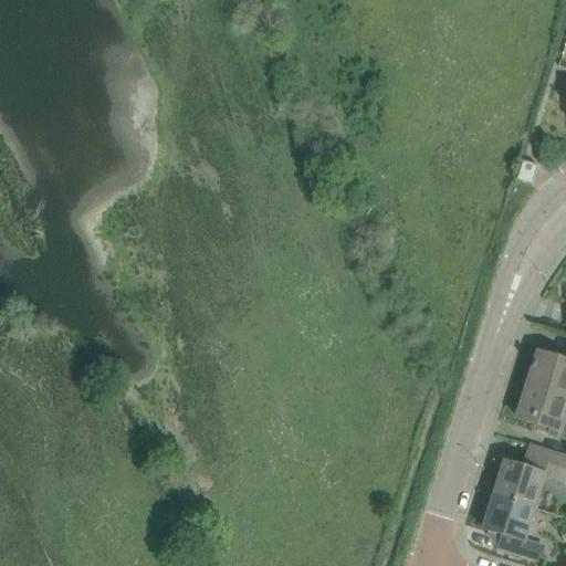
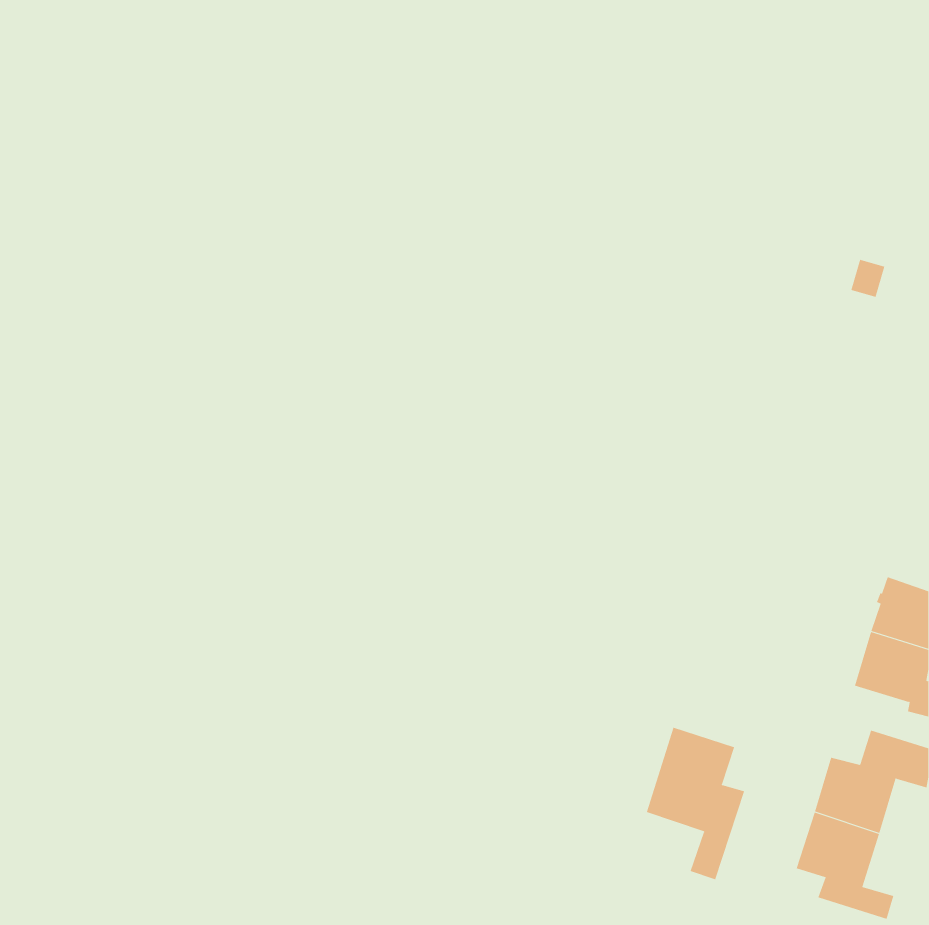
building: none -> [646,727,745,880]

